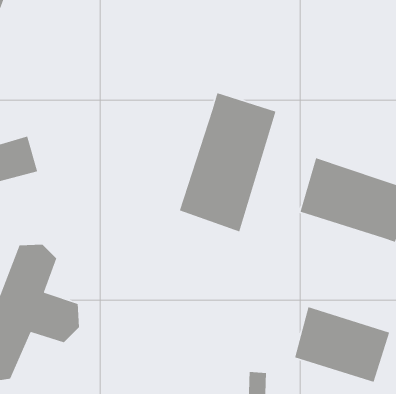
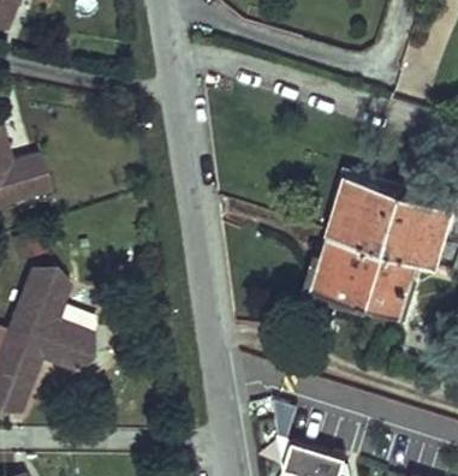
building: [179,92,277,233] -> none
building: [294,306,390,383] -> [315,233,417,315]

